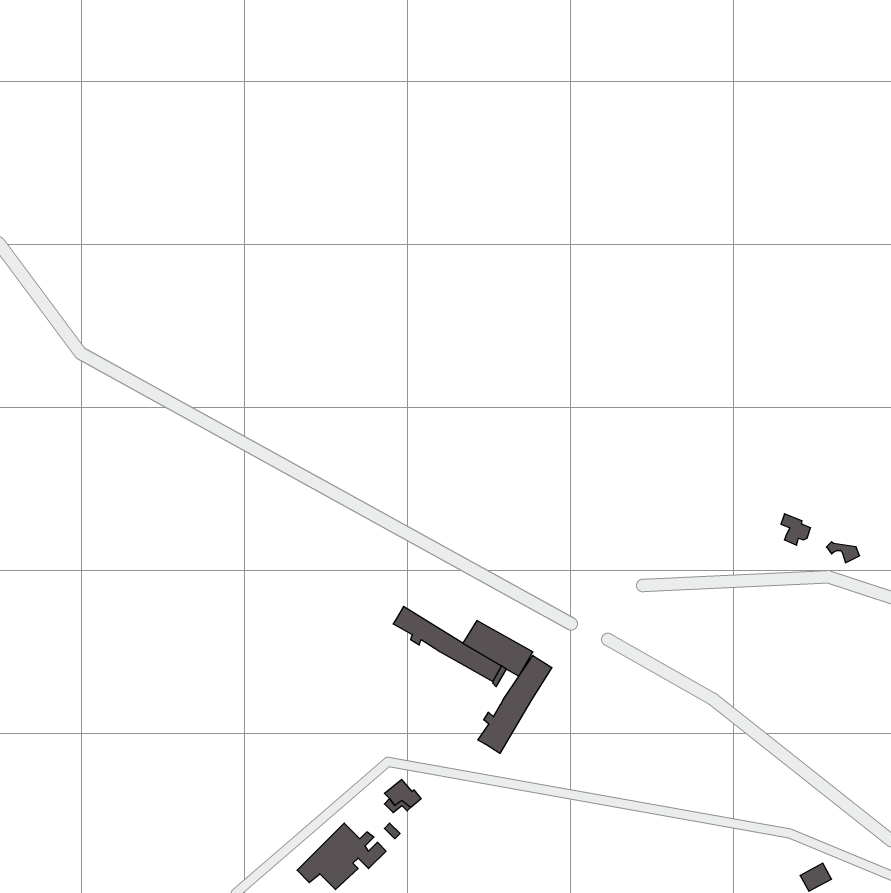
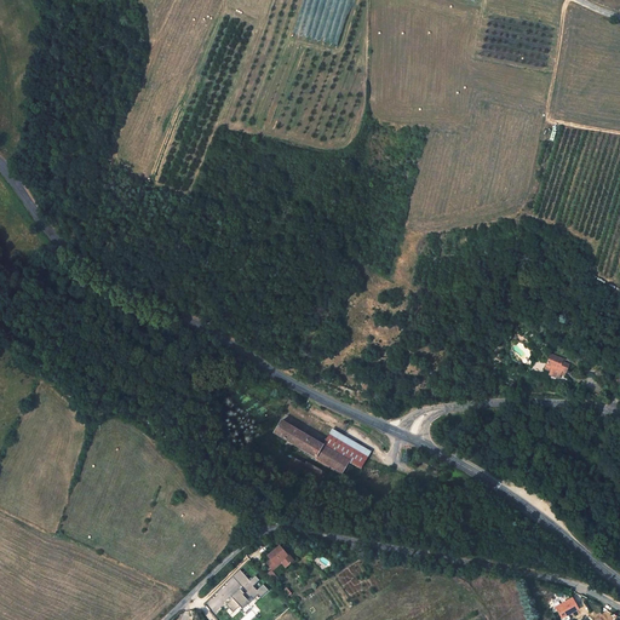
building: [478,655,552,753] -> none

